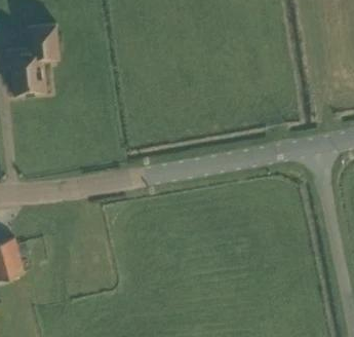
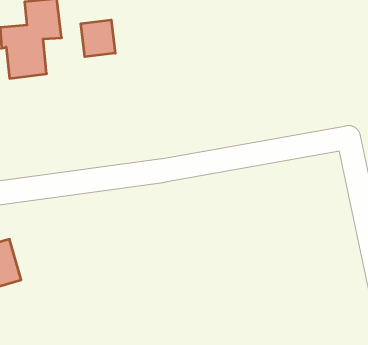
building: none -> [81,20,115,57]

